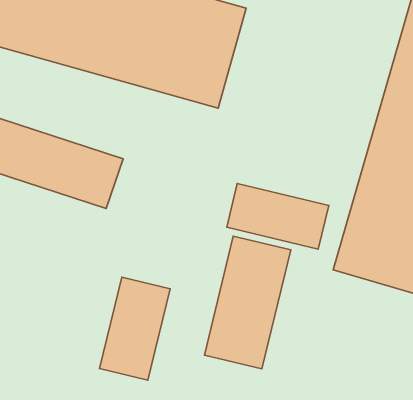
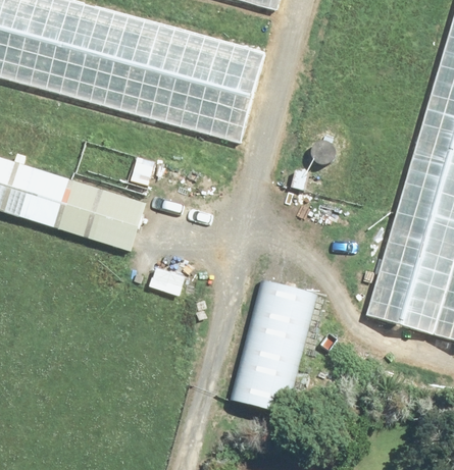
building: [227,183,329,249] -> none
building: [100,277,170,380] -> none

